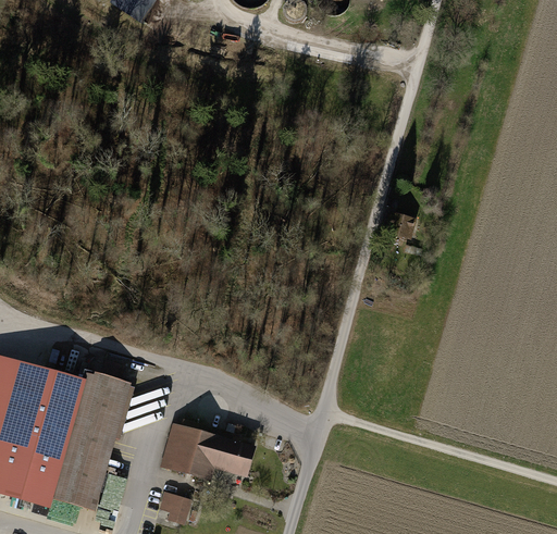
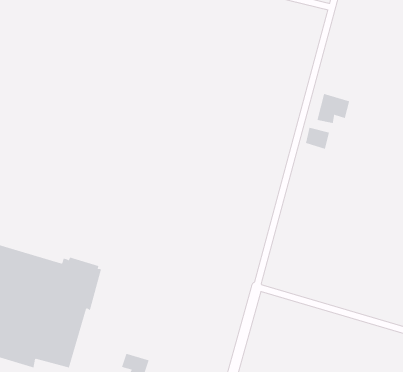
building: none -> [317,93,350,124]
building: [159,417,256,480] -> none

